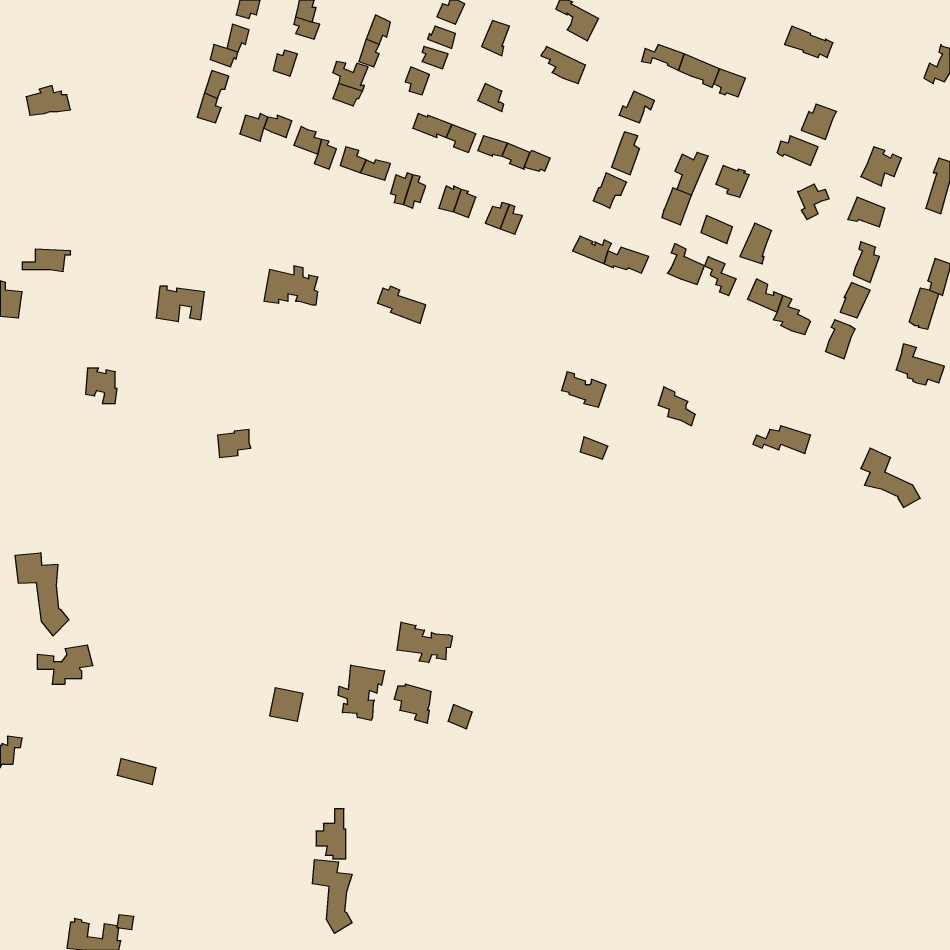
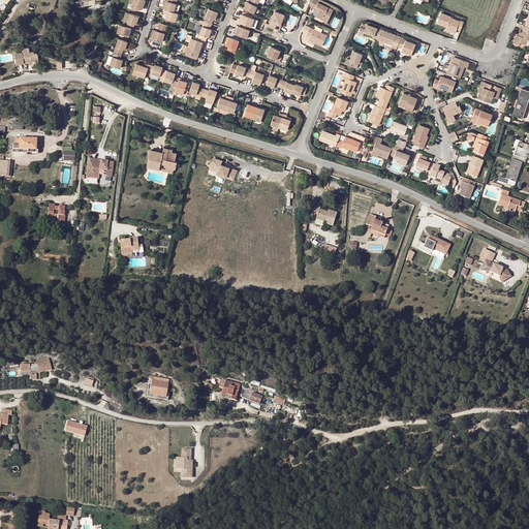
building: [15,553,69,636] -> none
building: [397,622,452,663] -> none
building: [338,665,385,720] -> none
building: [312,860,352,933] -> none

